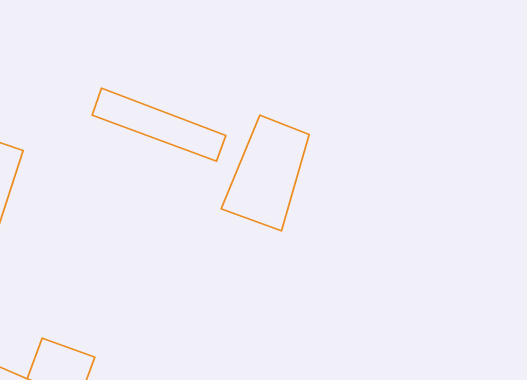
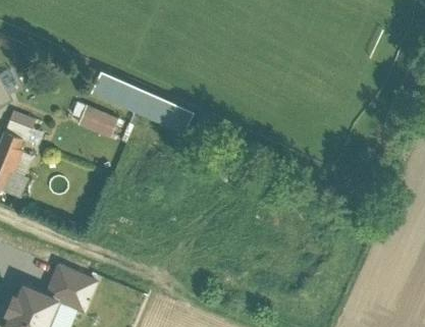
building: [221,115,309,231] -> none
building: none -> [78,105,119,139]

